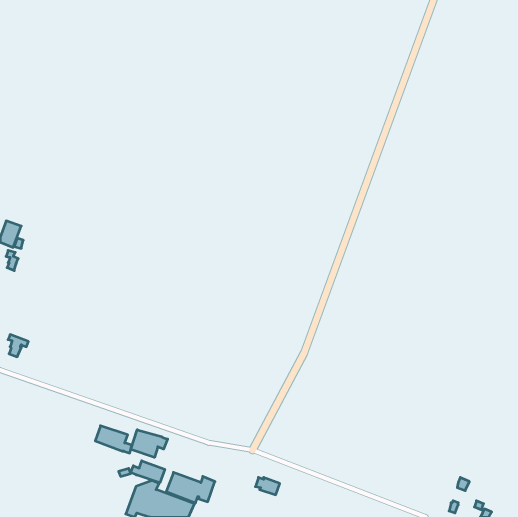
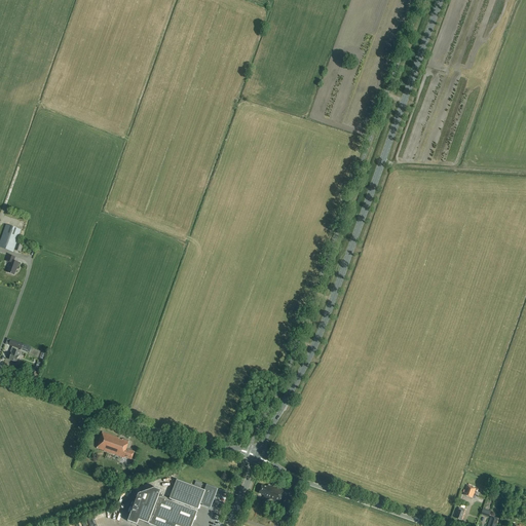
building: [131,430,168,457] -> none
building: [130,461,165,483] -> none

